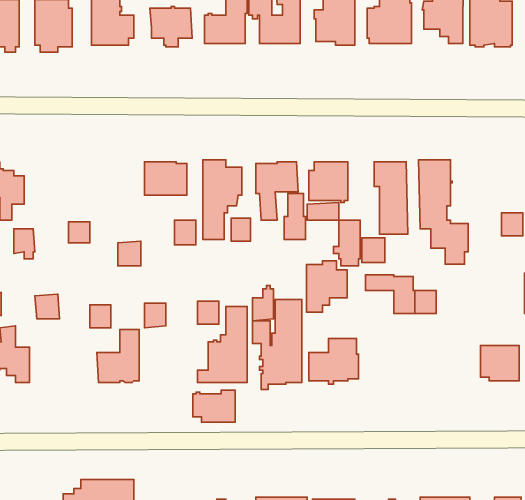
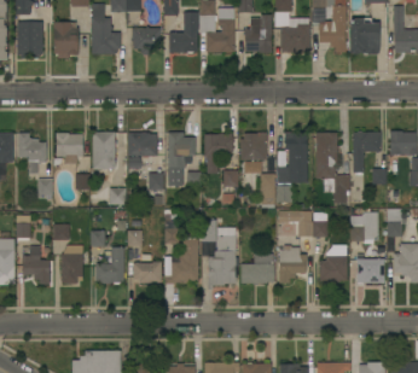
building: none -> [93,132,126,175]
building: none -> [353,132,382,175]
building: none -> [56,133,83,163]
building: [307,261,347,312] -> [279,247,307,282]
building: none -> [350,211,378,241]
building: none -> [320,244,347,282]
building: none -> [60,245,83,284]
building: [193,390,235,422] -> [133,261,162,282]

